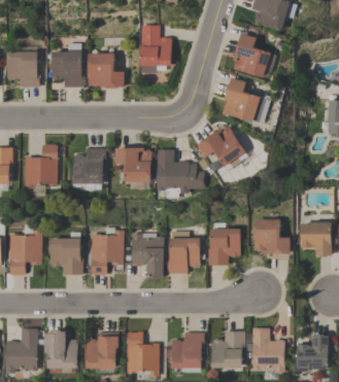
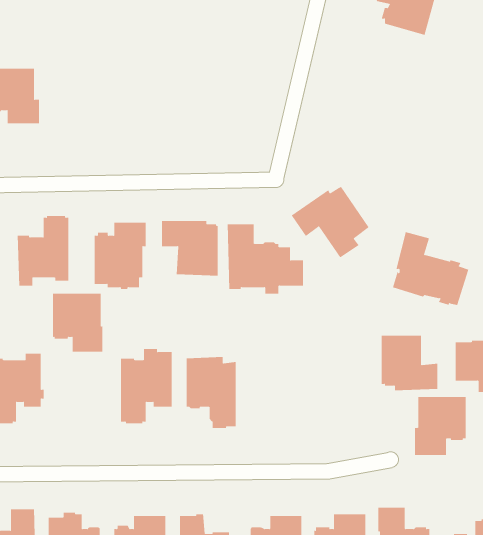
building: [140,25,172,73] -> none
building: [233,33,271,77] -> none
building: [50,42,83,86] -> none
building: [88,53,124,88] -> none
building: [223,77,271,124] -> [392,232,469,305]
building: [207,229,240,266] -> [414,396,467,455]
building: [167,231,199,274] -> none
building: [49,238,81,275] -> [52,293,103,352]

